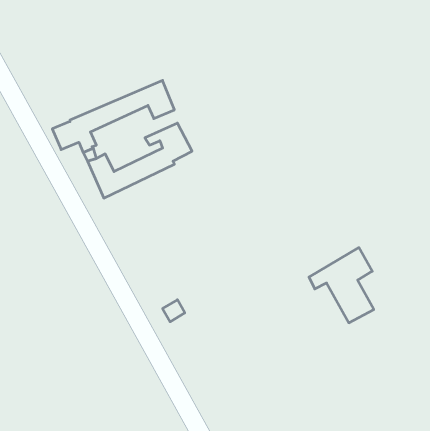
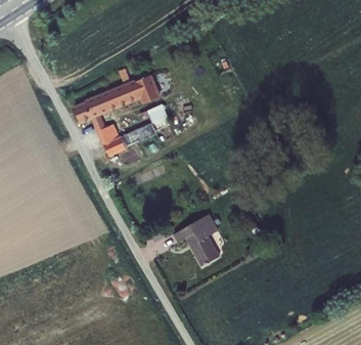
building: [309,248,374,323] -> [174,214,219,266]

